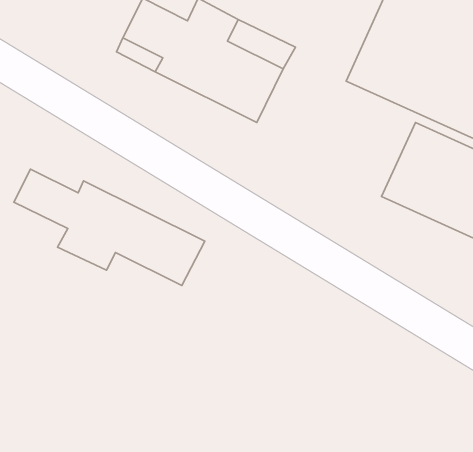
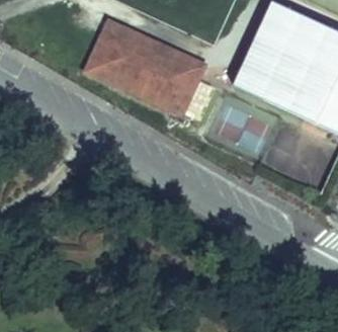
building: [14,169,205,285] -> none

